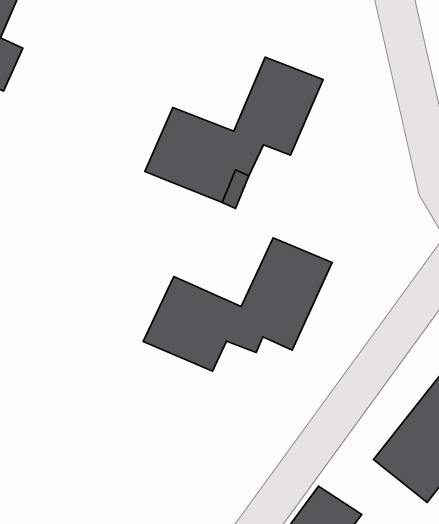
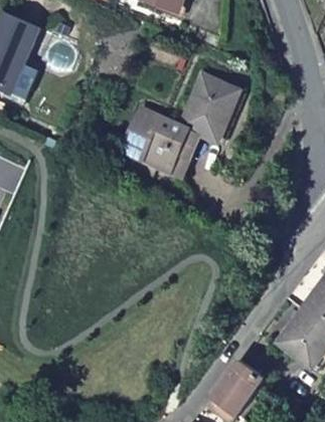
building: [143,238,332,371] -> none

